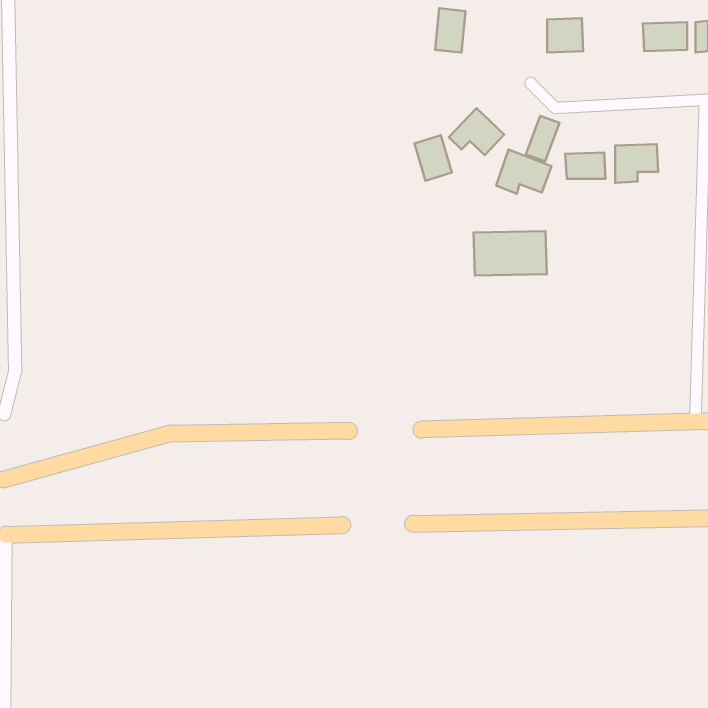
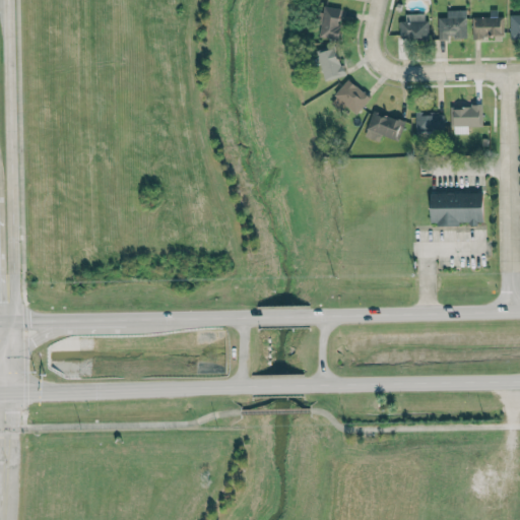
building: none -> [438,10,465,40]
building: [526,116,559,161] -> none
building: [415,135,452,181] -> [316,47,343,80]
building: [473,231,547,275] -> [430,192,483,224]

